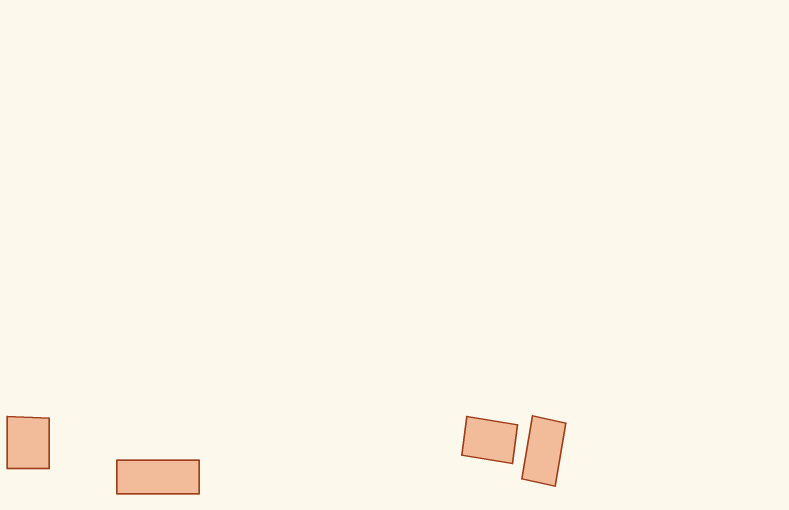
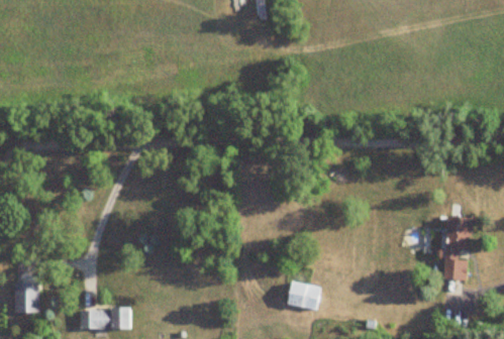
building: none -> [443,216,471,279]
building: [522,416,566,486] -> none

